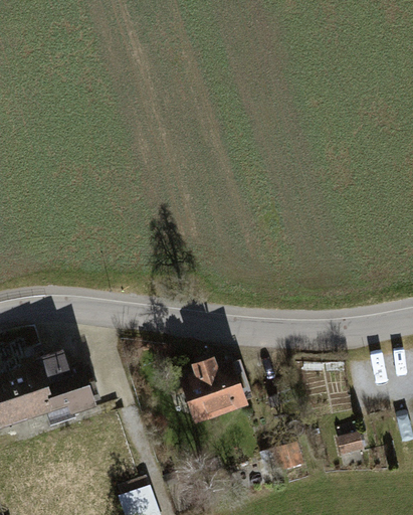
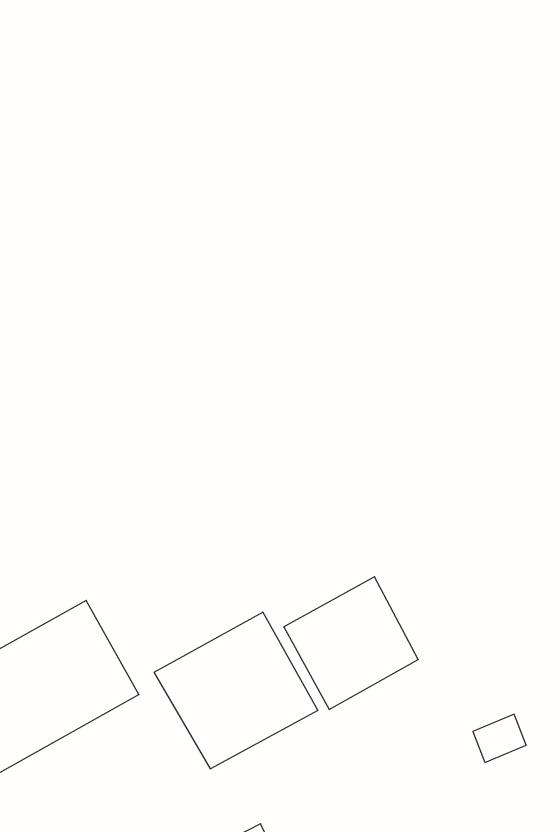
building: none -> [154,612,318,769]

